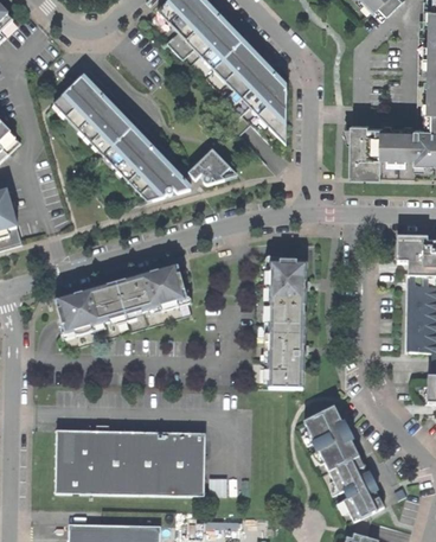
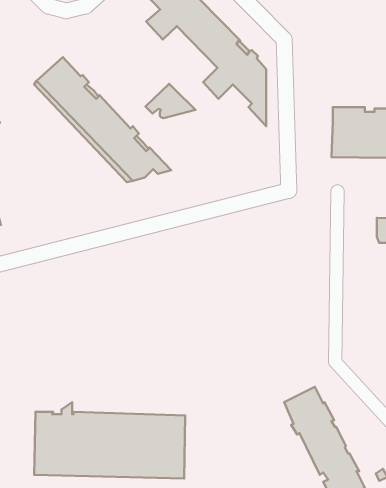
building: [188,148,238,183] -> [146,84,195,118]
building: [252,259,306,387] -> none
building: [56,263,192,346] -> none

